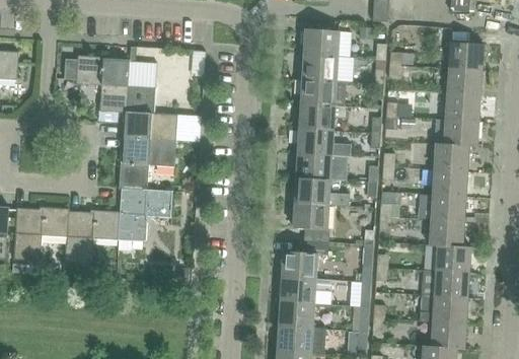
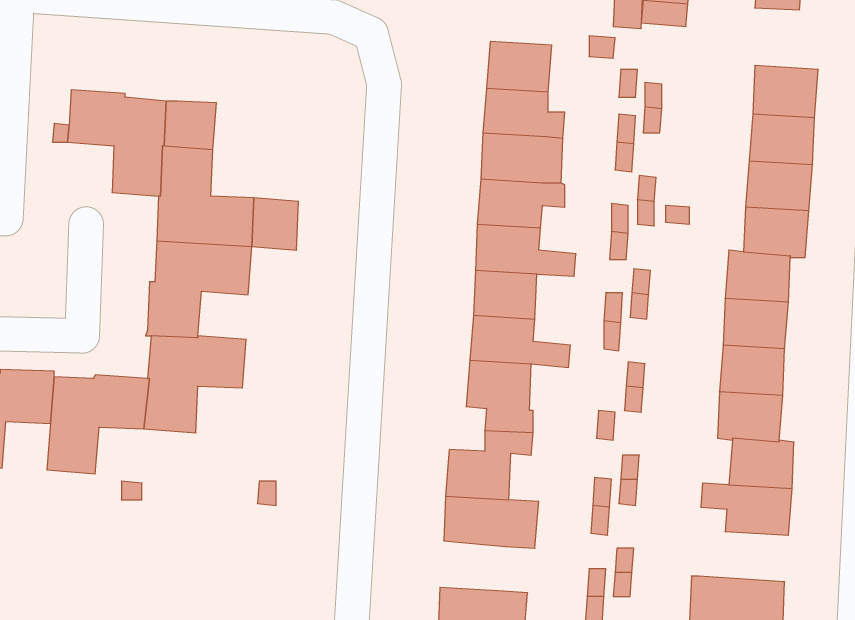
building: [419,295,467,322] -> none
building: [278,300,313,328] -> none

